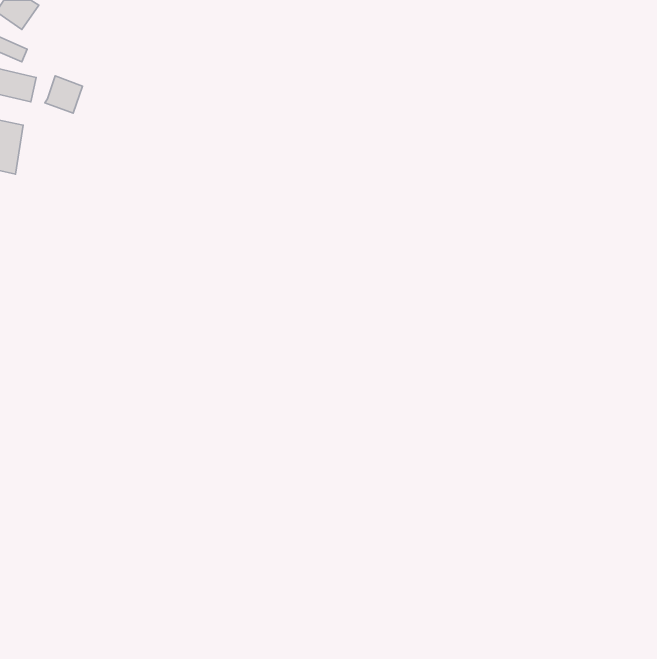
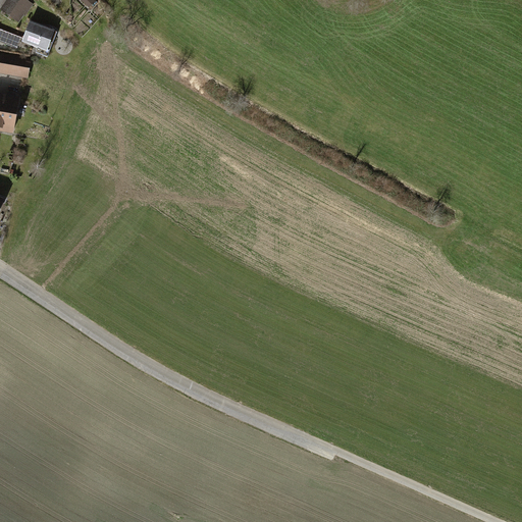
building: [45,76,82,113] -> [19,20,49,50]

